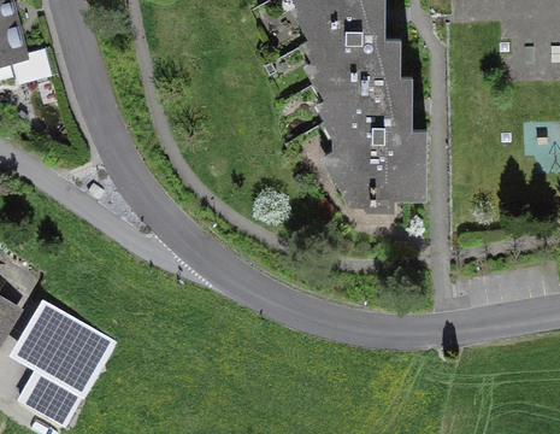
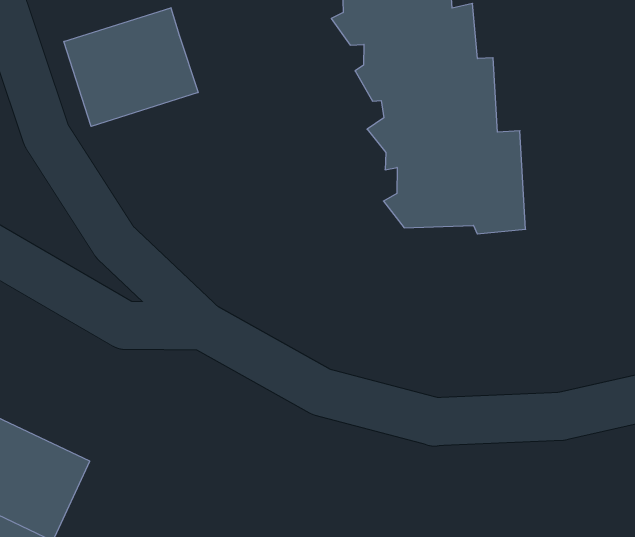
building: none -> [64,8,198,126]

